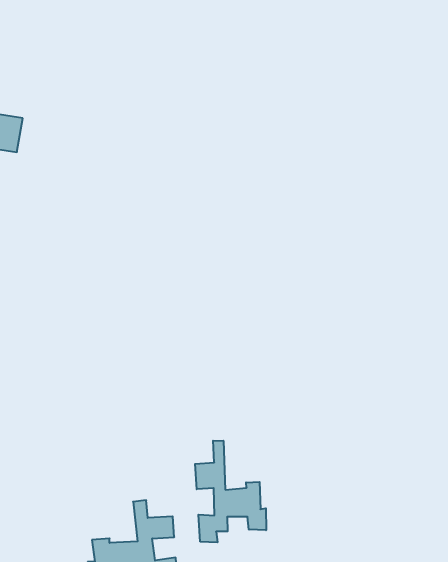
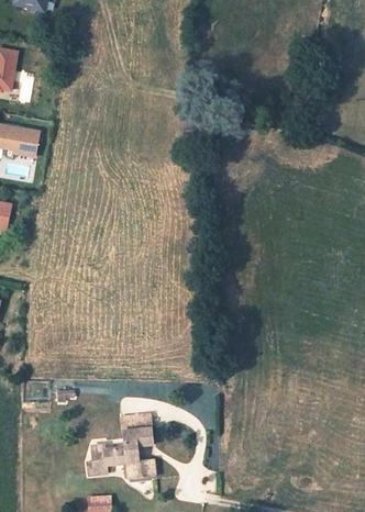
building: [195,441,266,542] -> none

